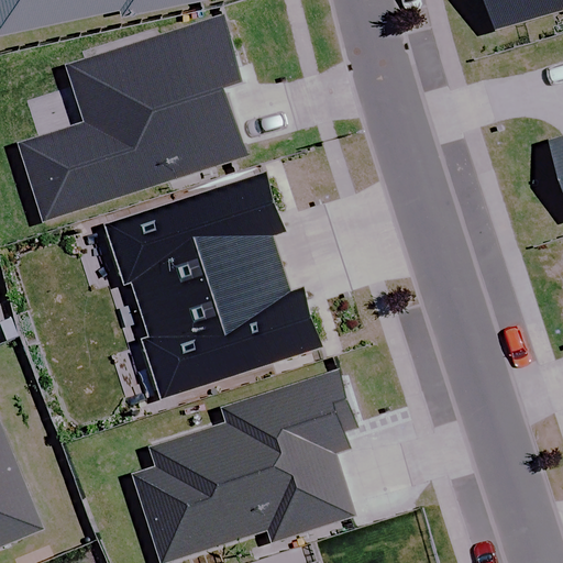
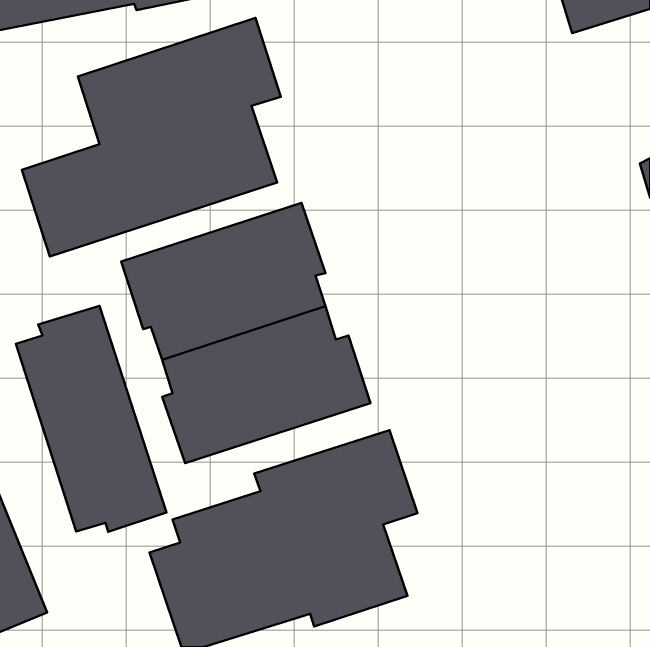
building: none -> [16,306,167,532]

